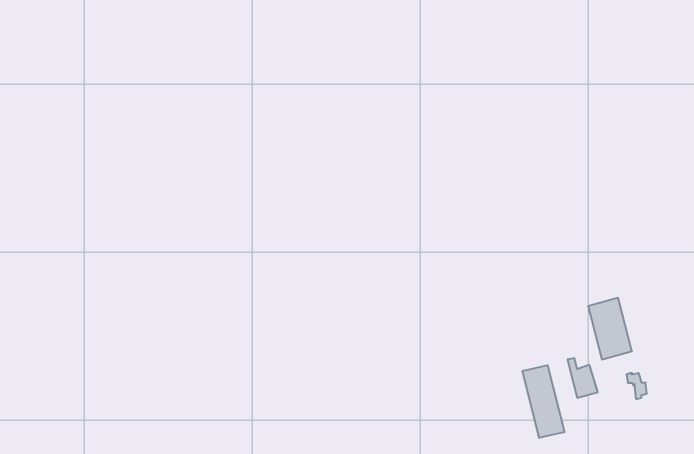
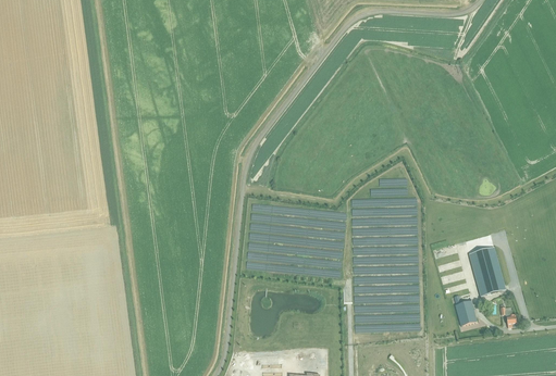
building: [522,365,564,438] -> none

